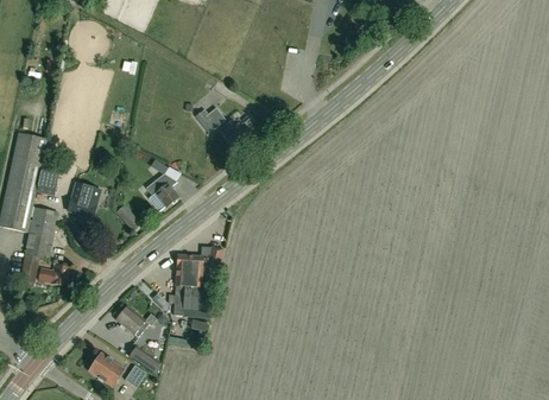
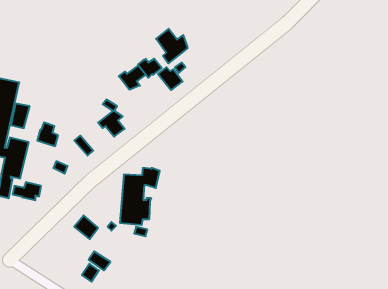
building: none -> [156,29,187,63]
building: none -> [119,66,146,90]
building: [89,353,124,386] -> none

